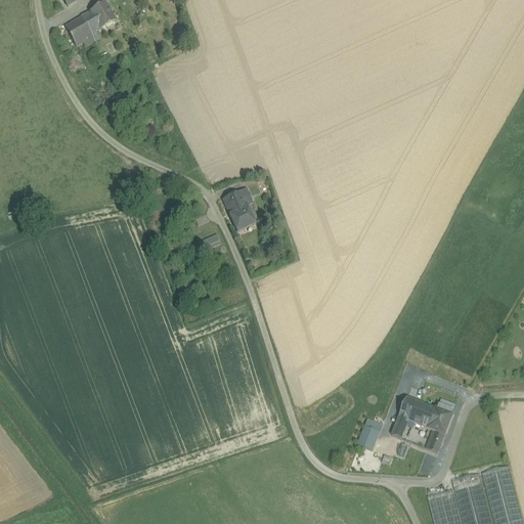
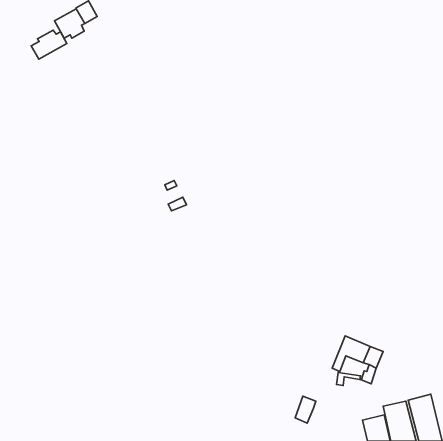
building: none -> [31,30,67,59]
building: [222,186,255,230] -> none
building: [358,418,383,449] -> [295,396,316,423]

